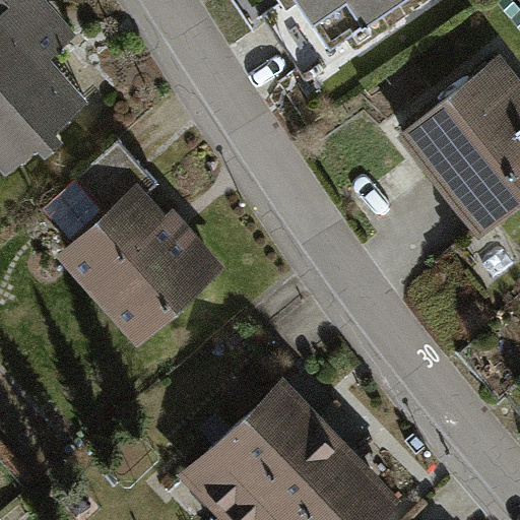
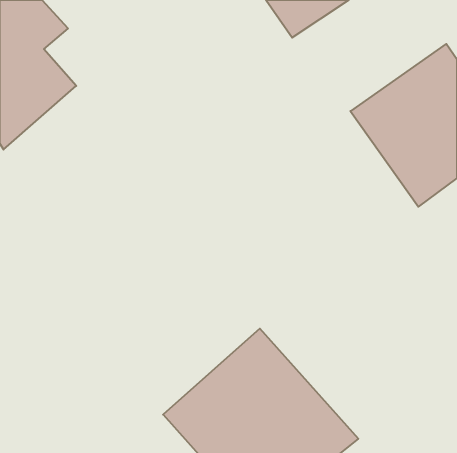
building: [53,147,221,341] -> none

